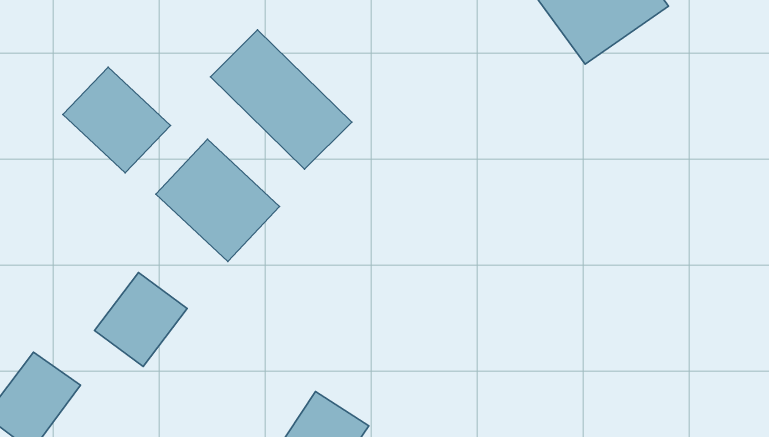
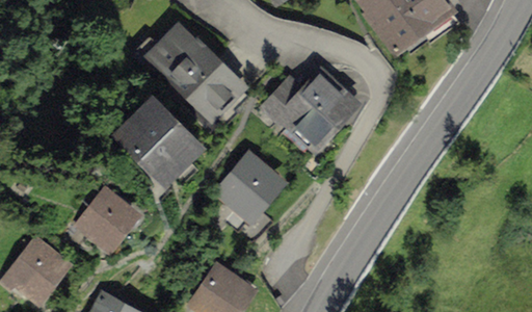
building: [63,67,170,173] -> none
building: none -> [264,73,353,145]
building: none -> [217,156,280,218]

